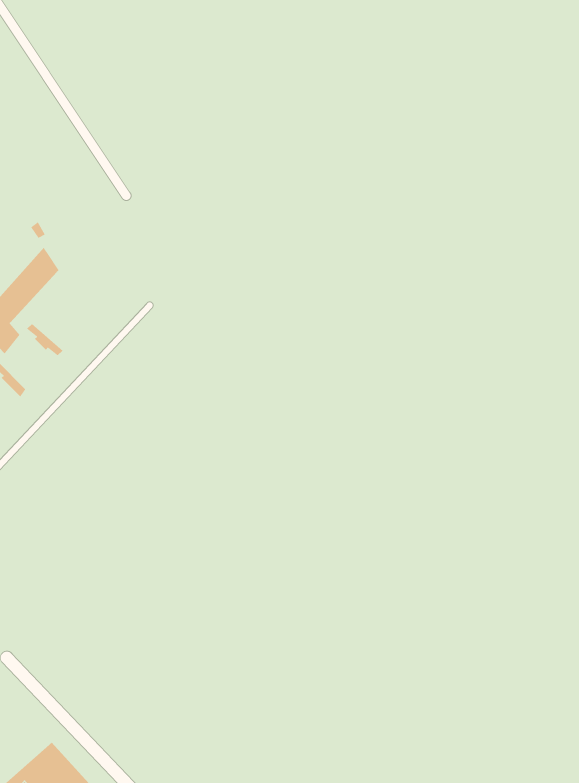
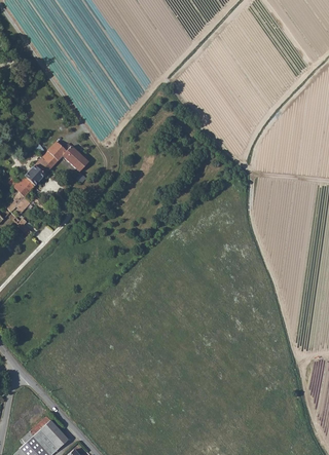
building: none -> [45,143,88,172]

